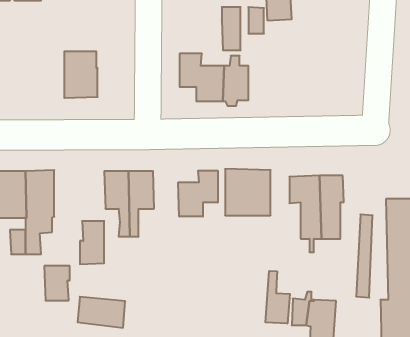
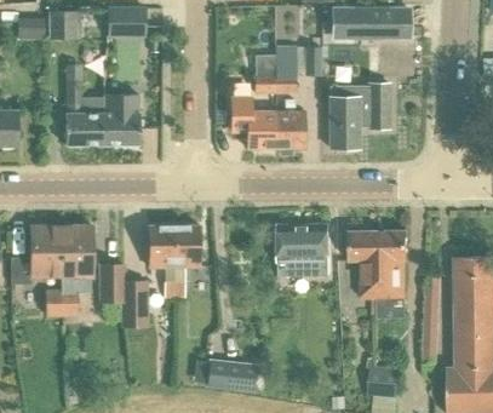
building: none -> [251,61,277,93]
building: none -> [67,64,104,145]
building: none -> [331,82,390,147]
building: [178,171,218,217] -> none
building: [44,266,70,300] -> [98,264,126,302]
building: [266,271,290,324] -> none
building: [78,297,125,328] -> [206,358,258,392]

